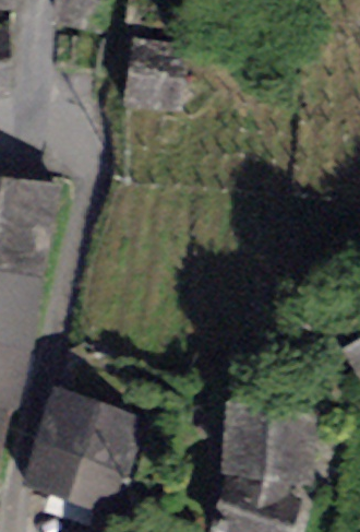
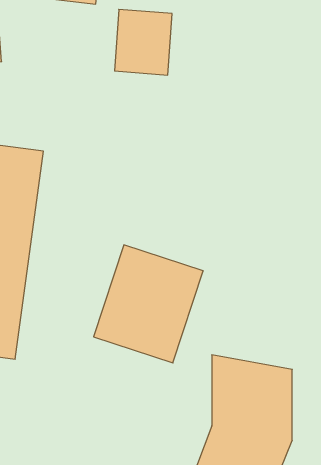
building: [24,388,139,511] -> [94,245,203,363]

